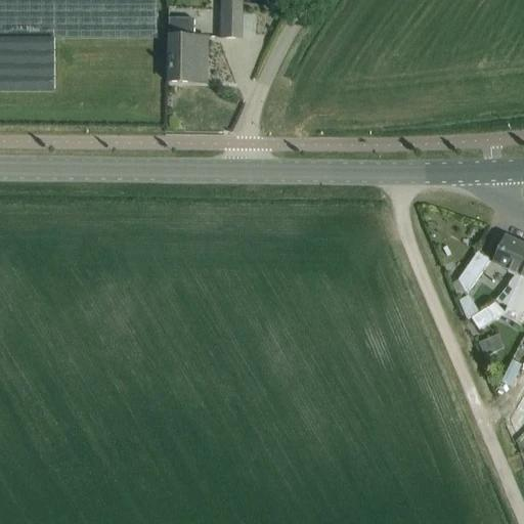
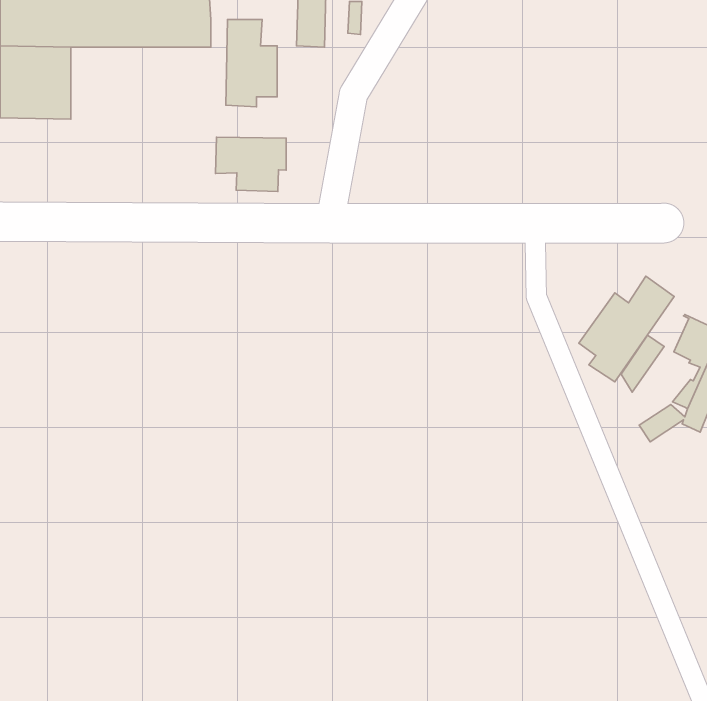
building: none -> [215,137,286,192]
building: none -> [579,276,674,382]

